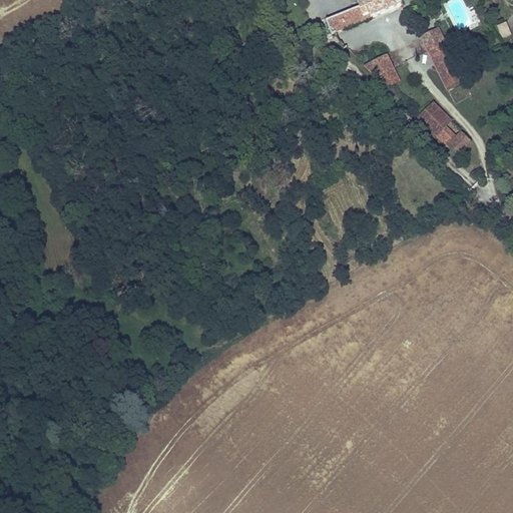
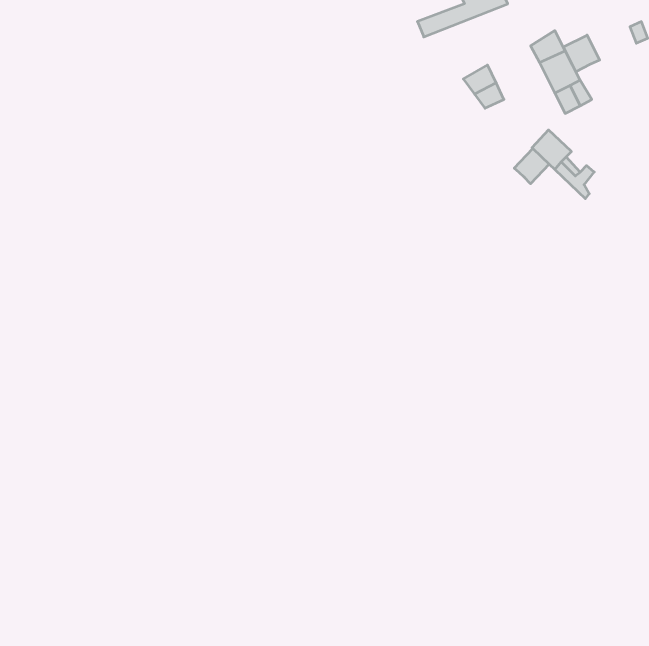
building: none -> [563,35,600,72]
building: none -> [514,149,549,184]

